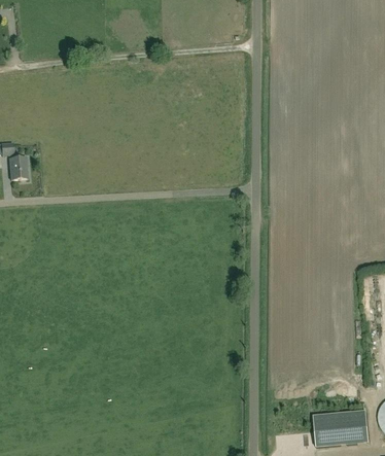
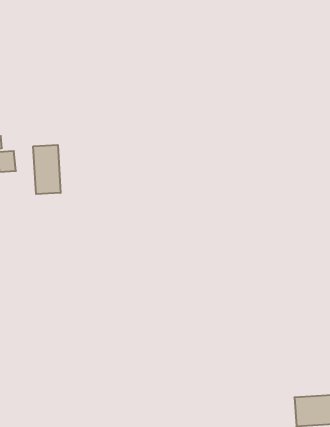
building: none -> [33,145,61,194]

